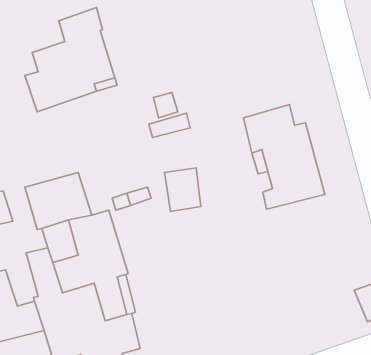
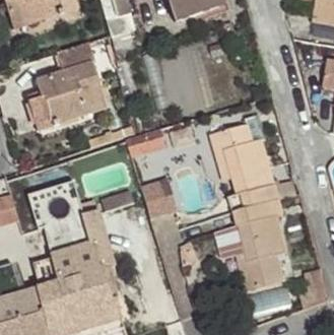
building: none -> [216,198,287,291]

